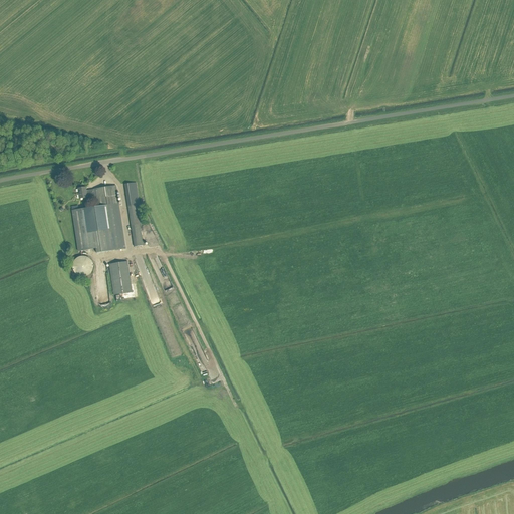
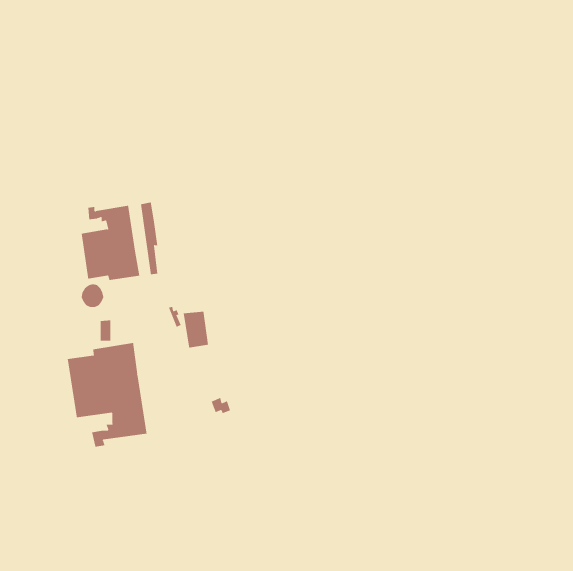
building: [108,260,132,293] -> [183,311,209,348]
building: none -> [67,342,147,447]

